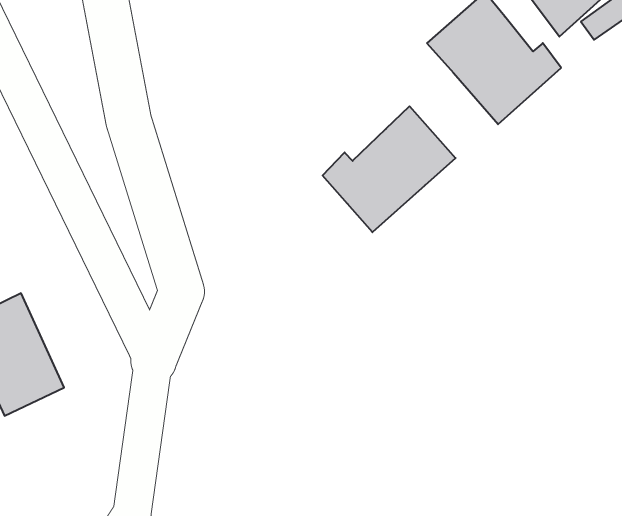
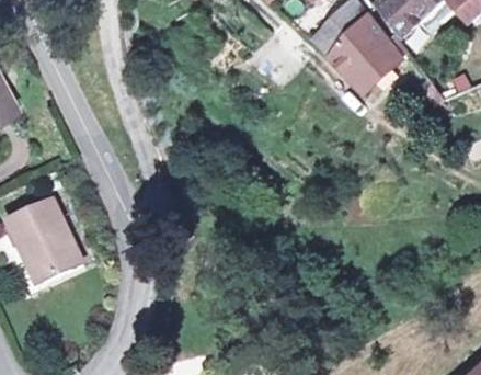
building: [323,106,456,232] -> none

